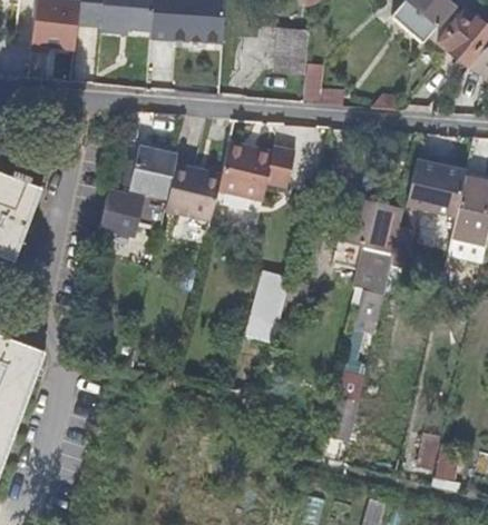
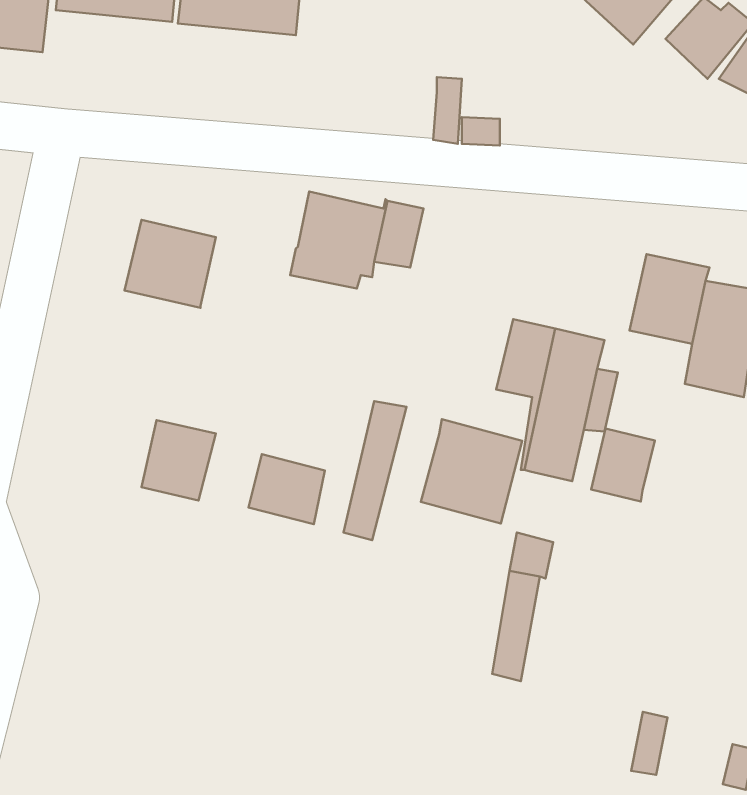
building: [275,28,308,72] -> none
building: [166,153,224,210] -> none
building: [101,191,145,238] -> [141,420,216,500]
building: none -> [421,419,522,523]
building: none -> [591,429,655,502]
building: none -> [248,454,325,524]

